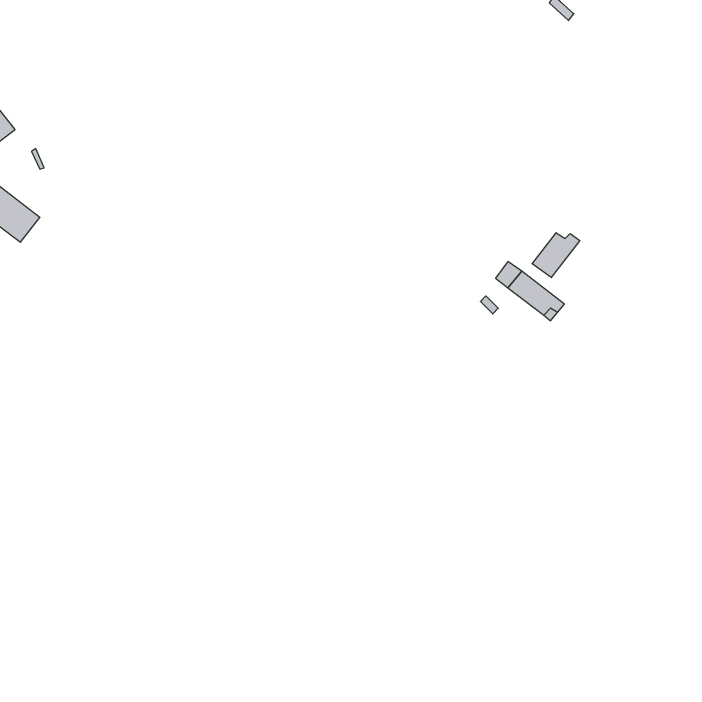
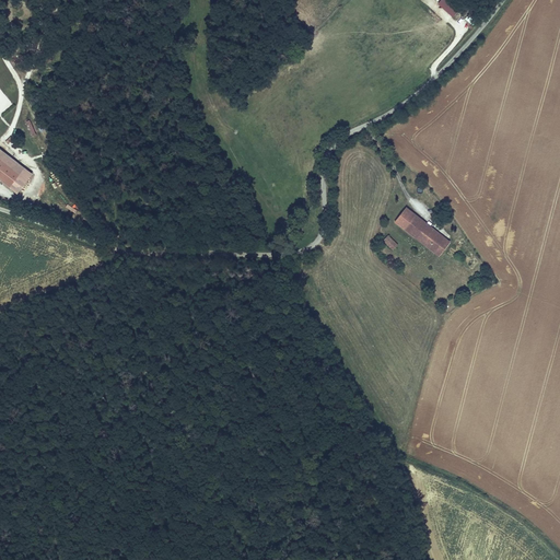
building: [532,233,580,278] -> none

